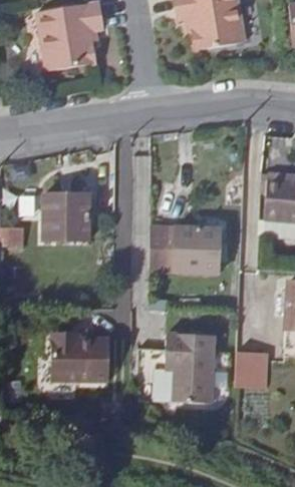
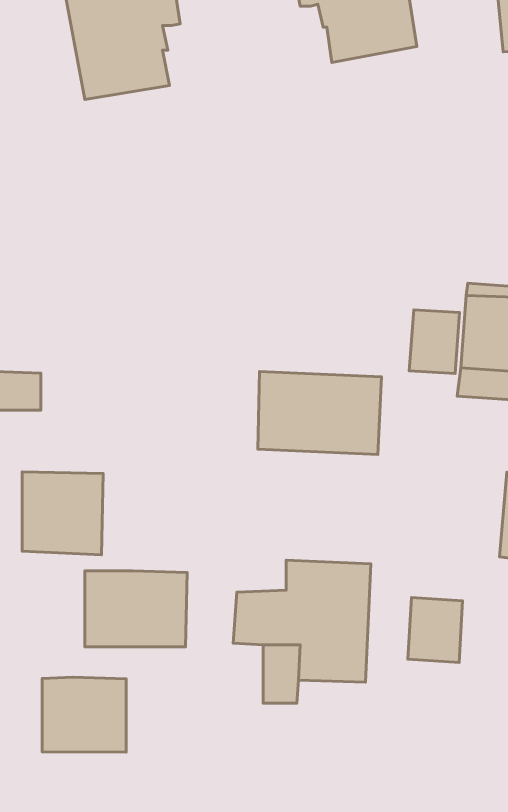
building: none -> [409,310,460,374]
building: [45,194,91,241] -> [22,472,103,555]
building: none -> [42,677,126,752]

